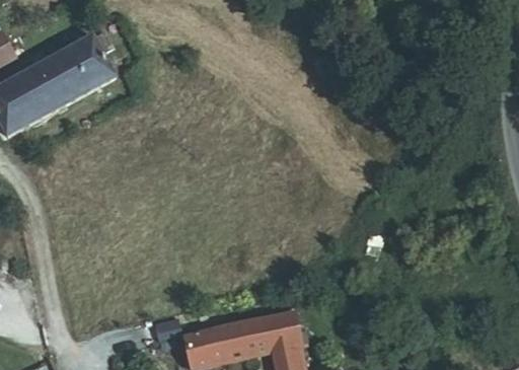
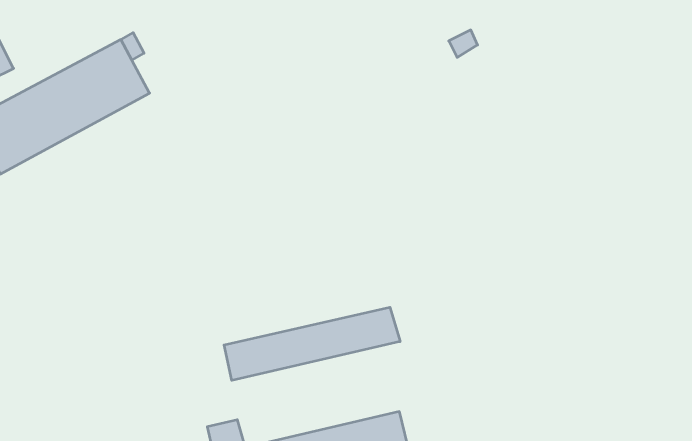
building: none -> [224,307,400,380]

